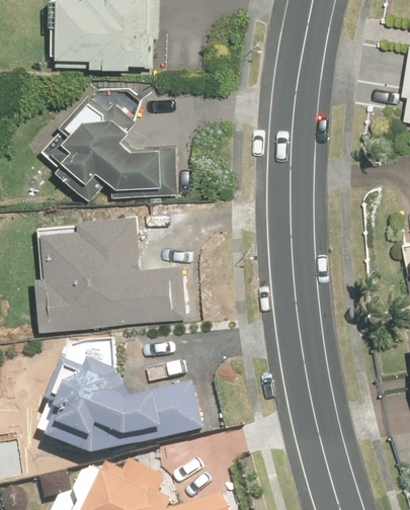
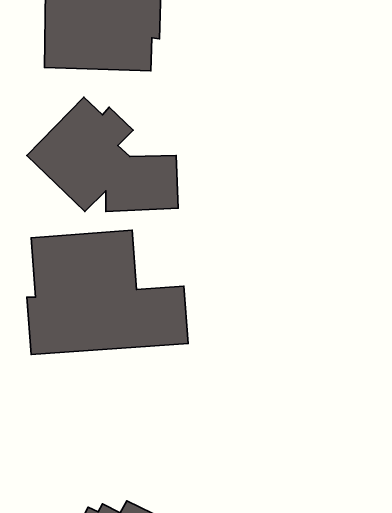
building: [46,360,202,457] -> none

